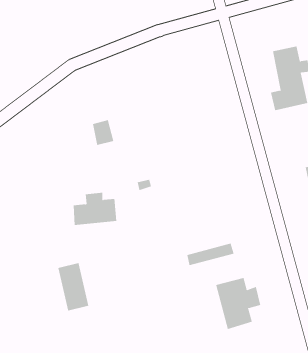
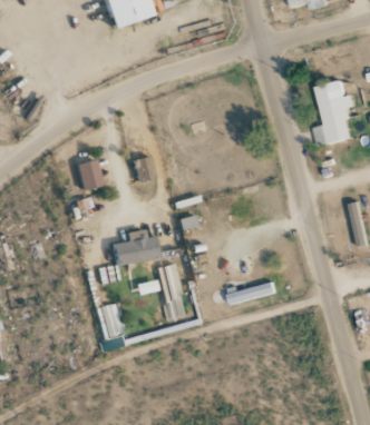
building: none -> [75,159,100,189]
building: none -> [156,263,187,319]
building: [216,277,261,330] -> none

